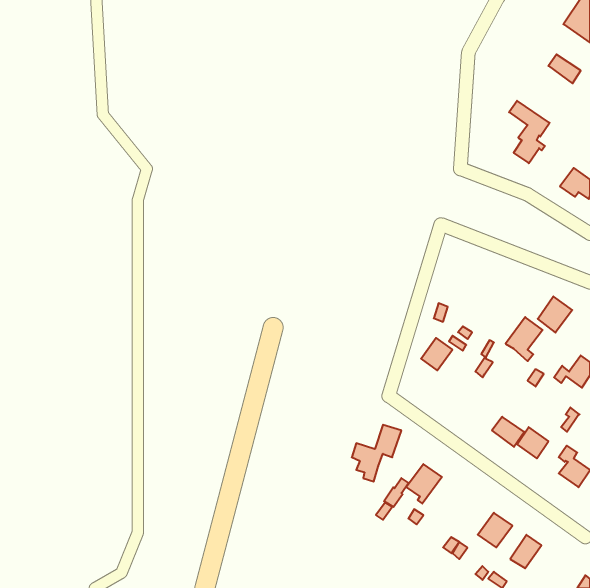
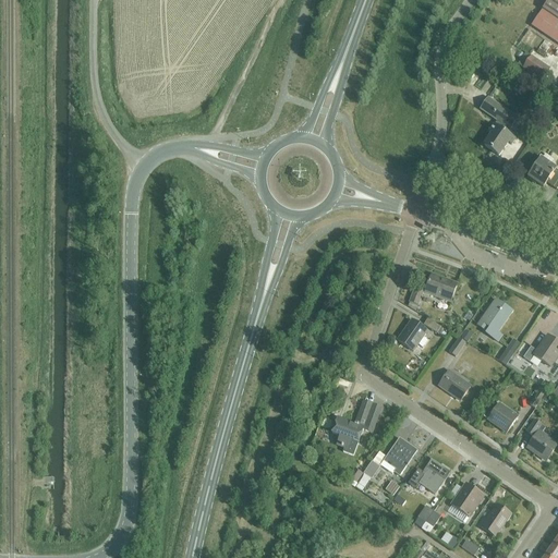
building: none -> [424,275,456,300]
building: [538,296,572,333] -> none
building: [492,417,524,447] -> [438,371,469,399]
building: none -> [418,459,449,493]

